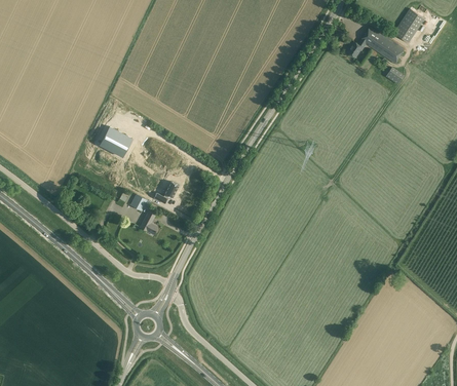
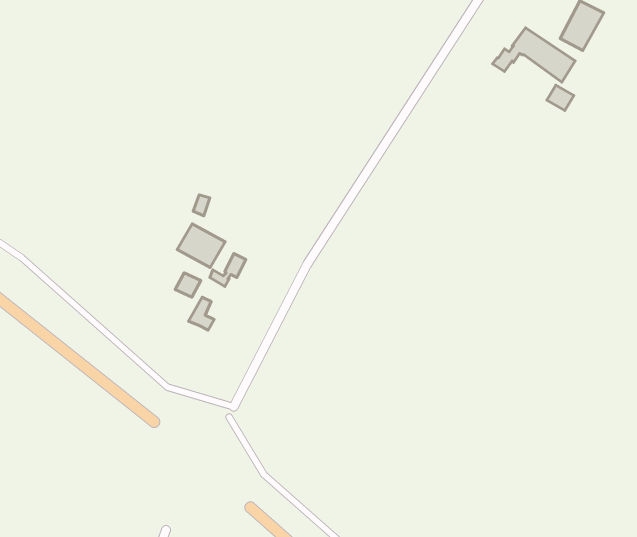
building: [100,127,132,157] -> [177,224,225,267]

